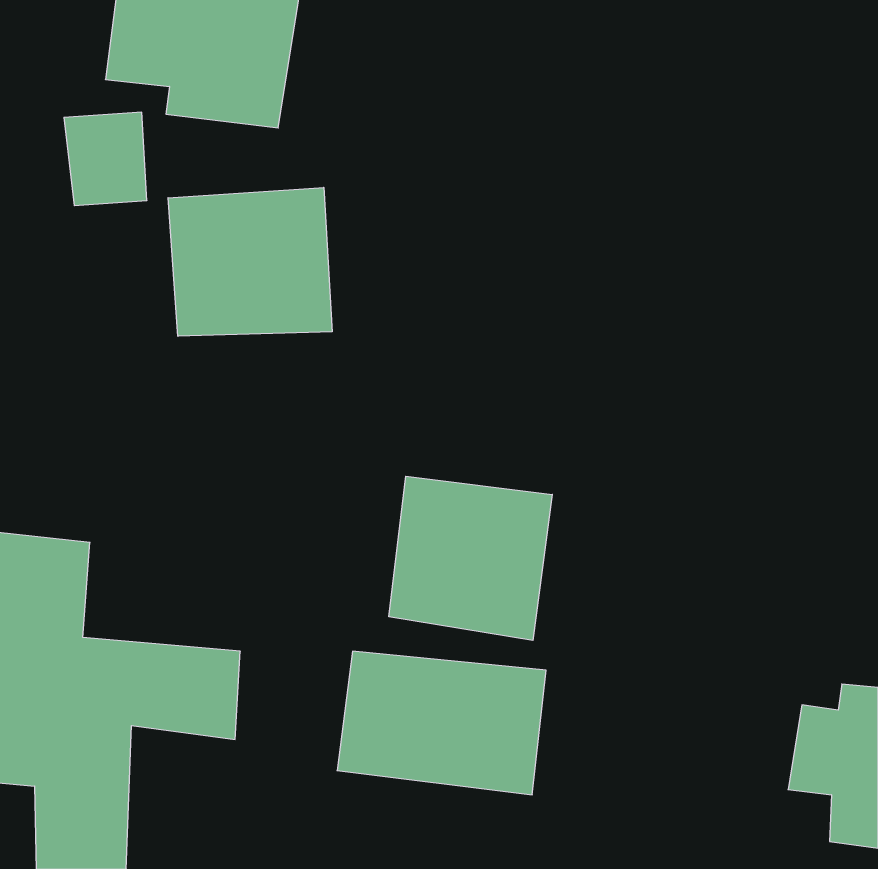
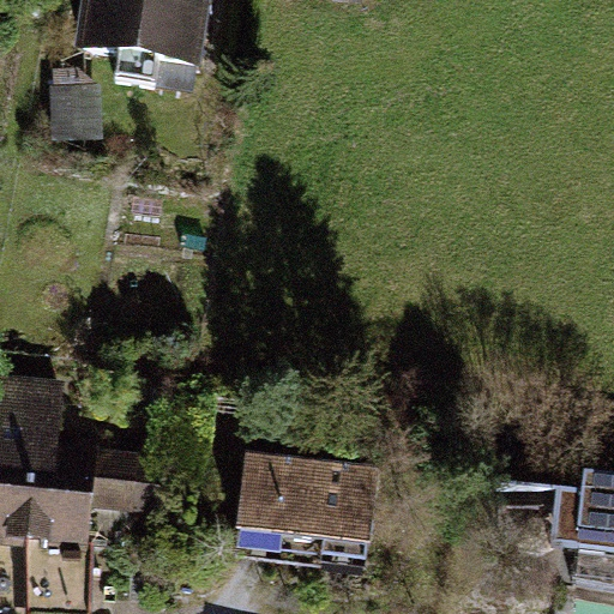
building: [168,187,332,336] -> none
building: [389,476,552,640] -> none

